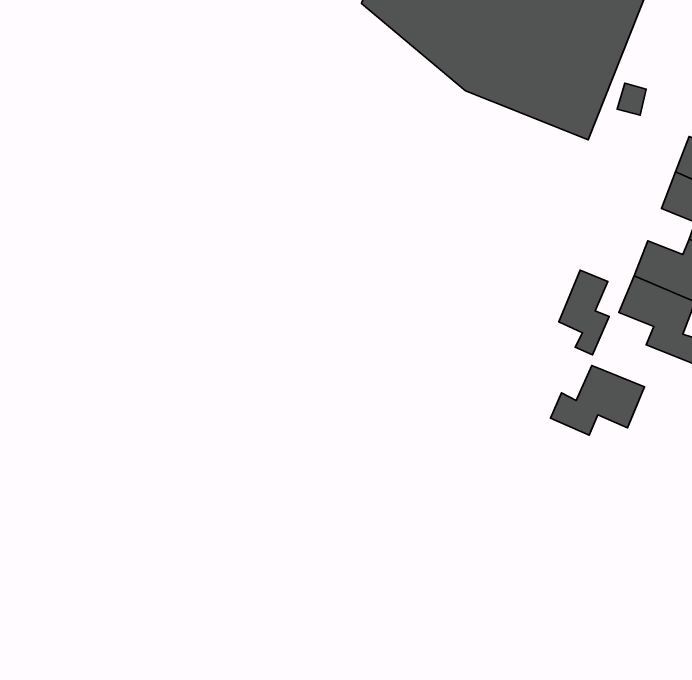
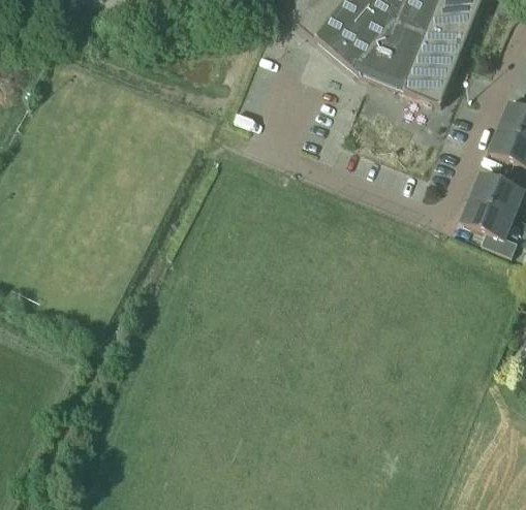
building: [559,270,609,355] -> none
building: [551,365,644,435] -> none

